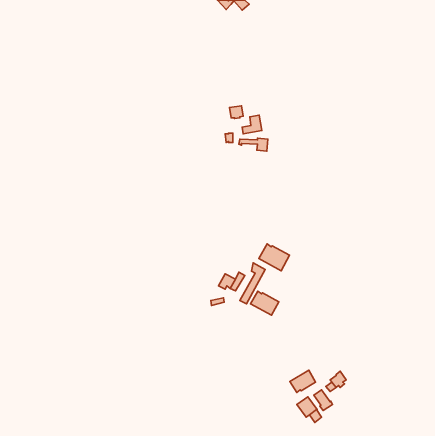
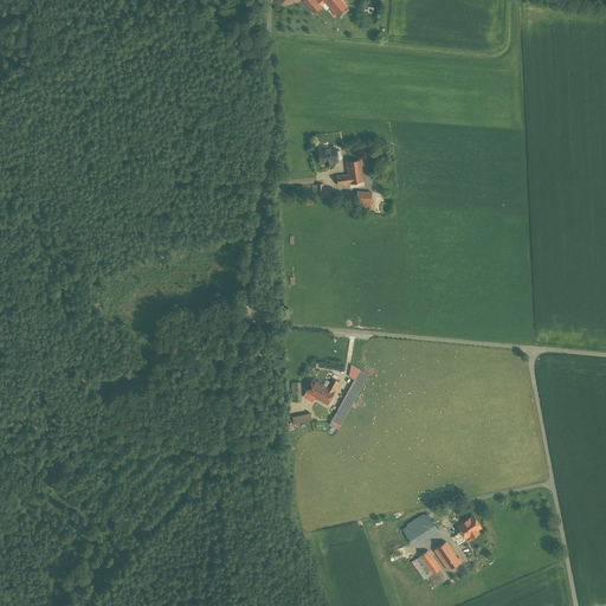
building: [259,244,289,271] -> none
building: [251,291,279,315] -> none

